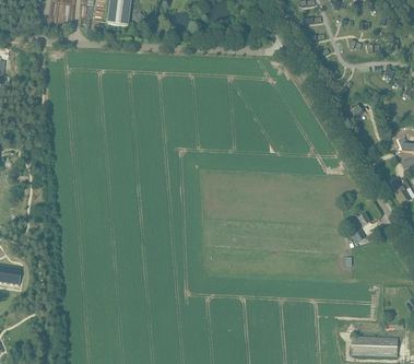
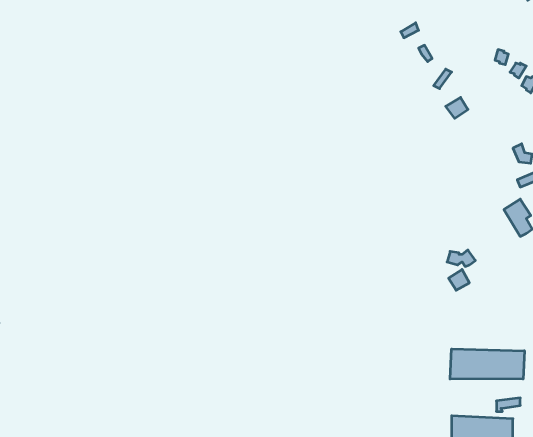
building: none -> [450,349,524,379]

